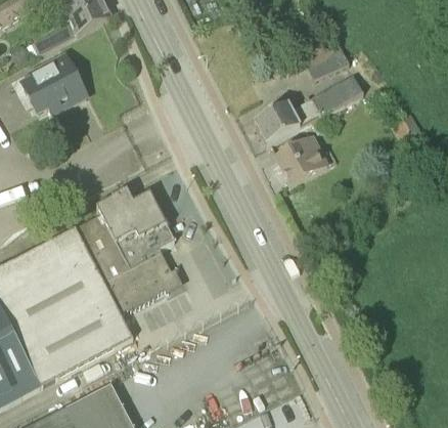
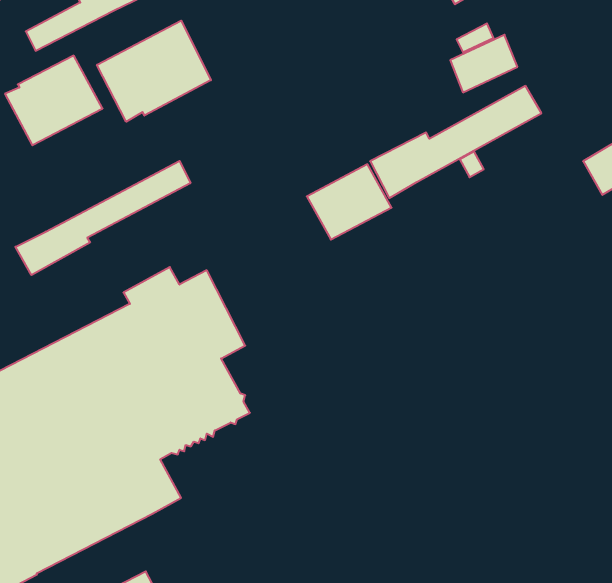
building: none -> [97,21,211,122]
building: none -> [15,161,190,275]
building: [275,136,329,184] -> [307,164,392,240]

